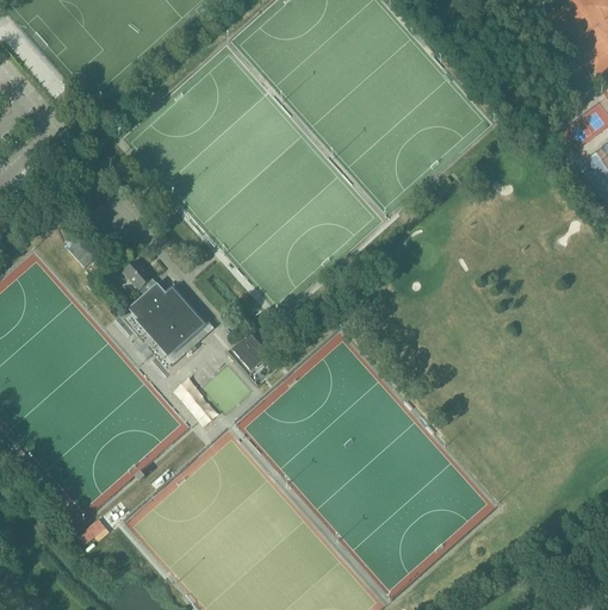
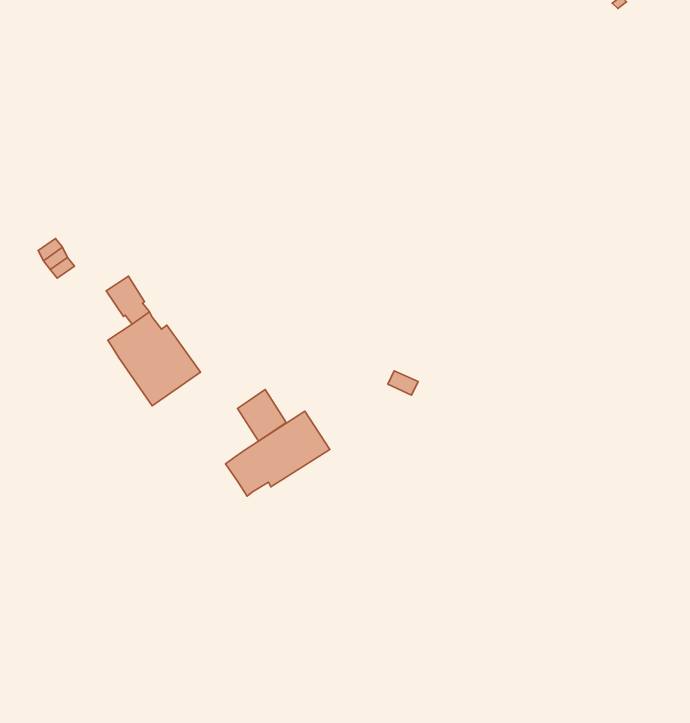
building: none -> [225,411,330,496]

